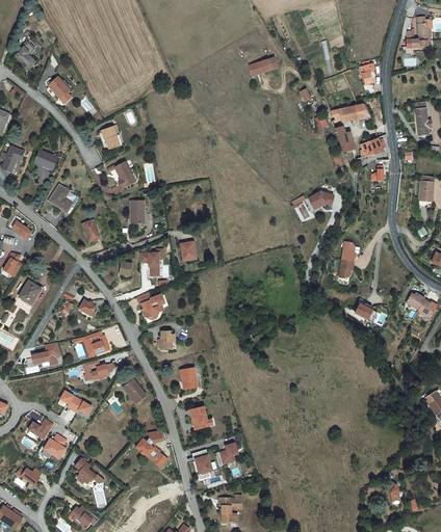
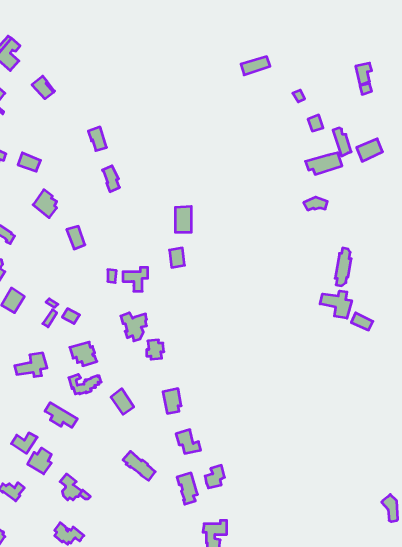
building: [332,103,367,124] -> [305,153,342,174]
building: [129,200,145,224] -> [175,206,191,232]
building: none -> [320,291,352,318]

